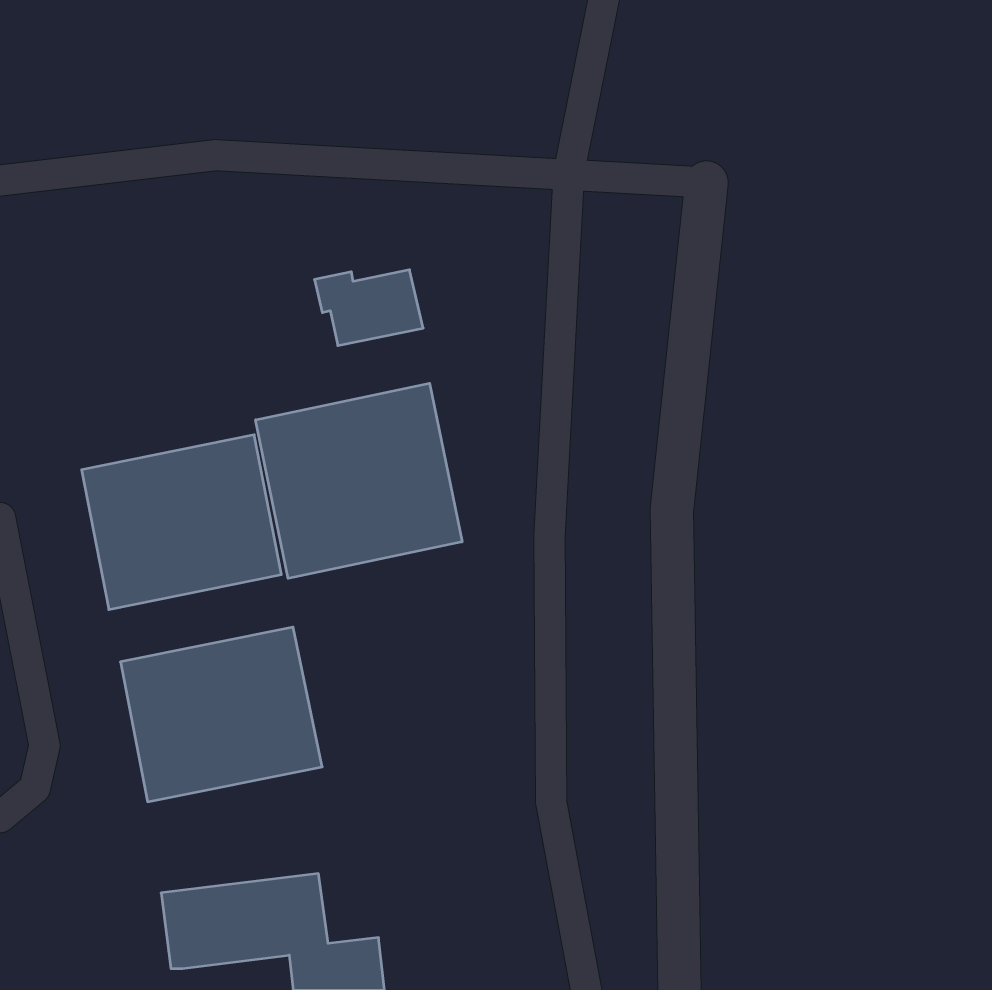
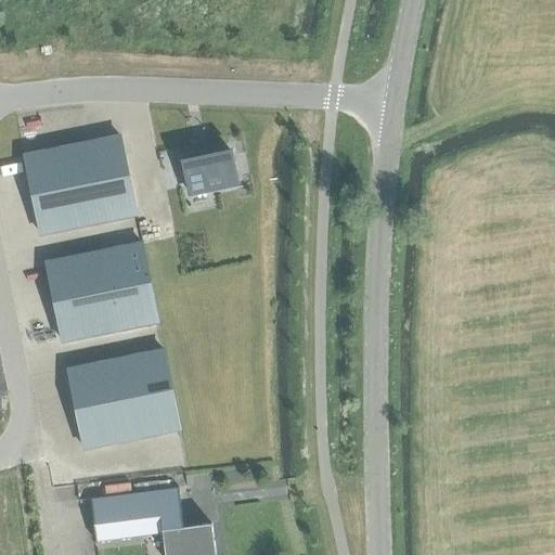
building: none -> [24,137,137,233]
building: [256,383,462,578] -> none

